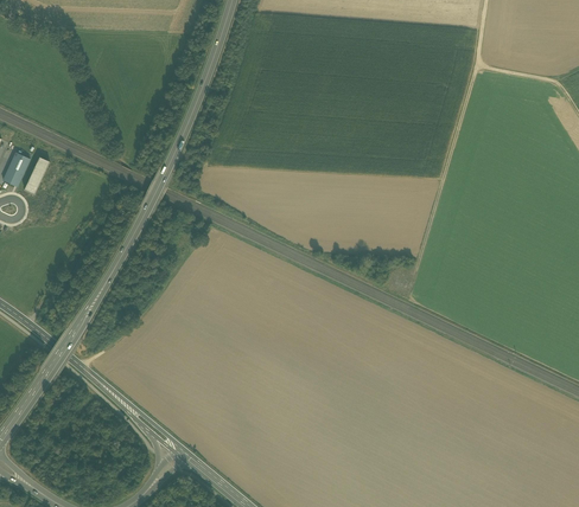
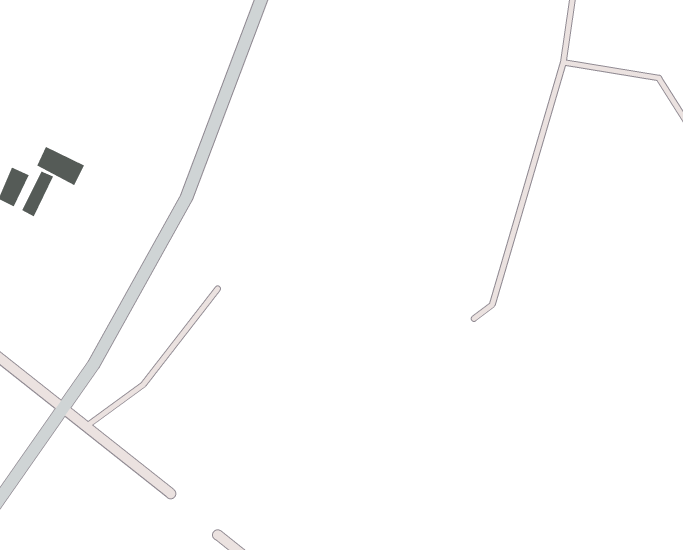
building: none -> [36,146,85,186]

